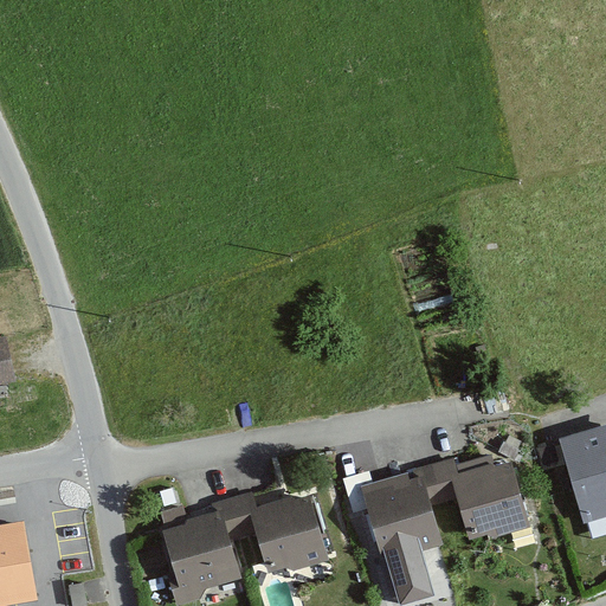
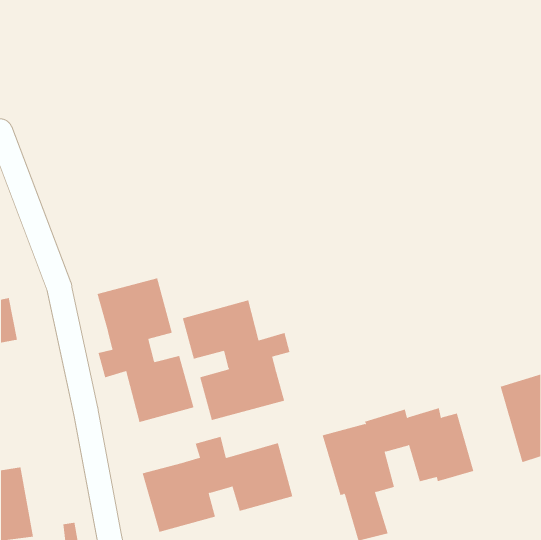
building: none -> [97,277,194,423]
building: none -> [182,300,290,421]

